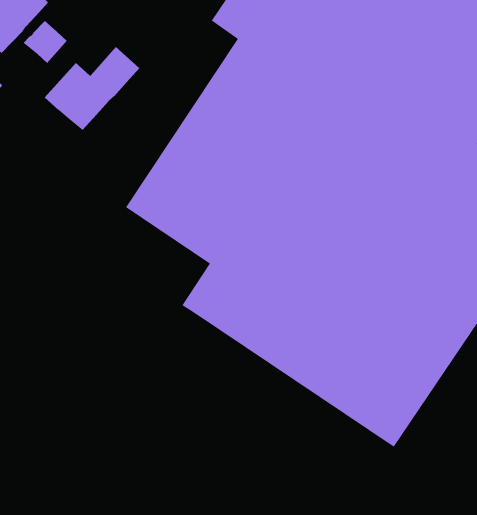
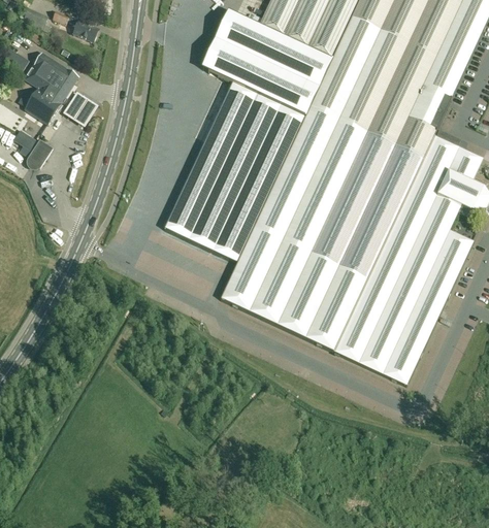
building: [44,46,140,131] -> none

